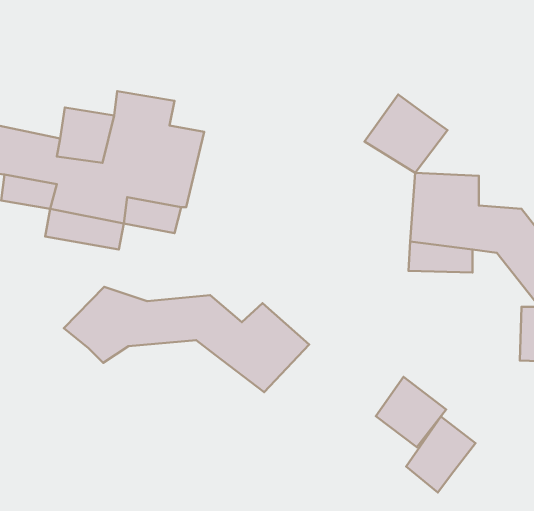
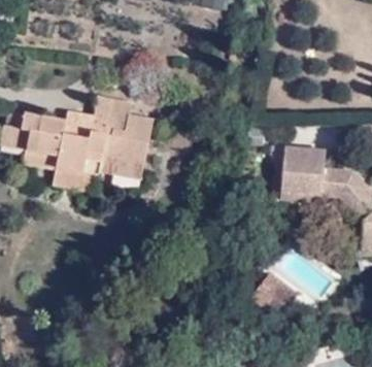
building: [365,95,447,173] -> none
building: [64,287,309,392] -> none
building: [406,417,476,492] -> none

